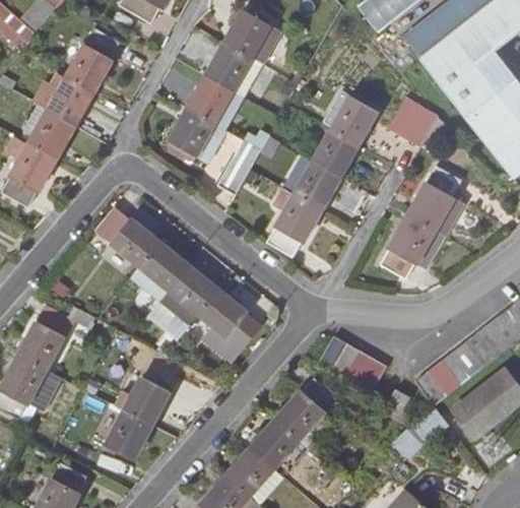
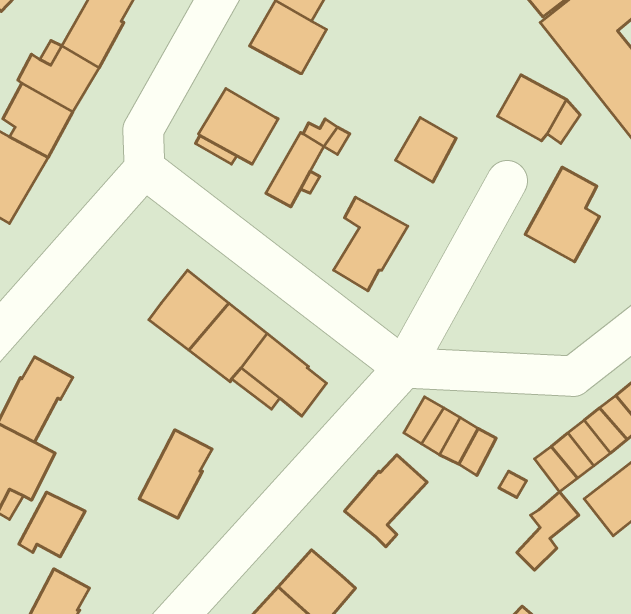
building: [188,76,243,129] -> none
building: [323,91,377,144] -> none
building: [283,155,340,209] -> none
building: [95,206,159,266] -> none
building: [381,215,445,279] -> none
building: [104,410,152,458] -> [19,492,85,557]
building: [251,420,299,467] -> none

